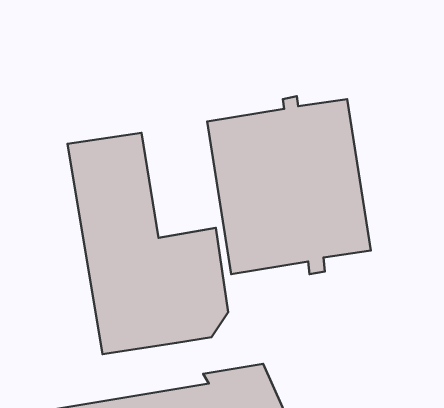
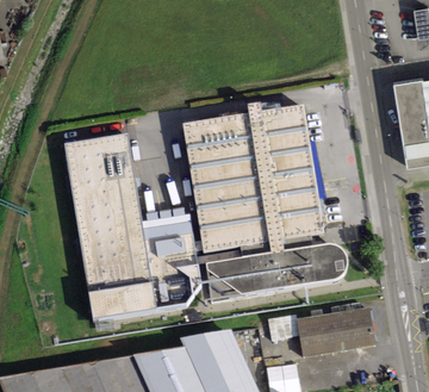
building: none -> [206,243,347,298]
building: none -> [291,310,368,355]

